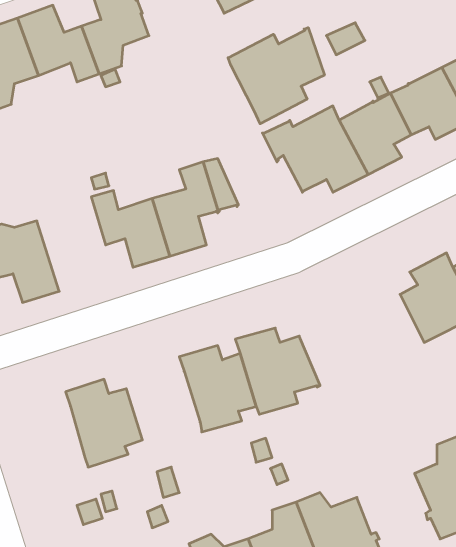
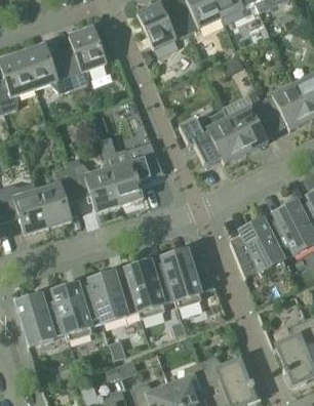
building: [228,28,324,124] -> none
building: none -> [36,166,77,227]
building: none -> [231,219,284,278]
building: none -> [87,273,138,322]
building: none -> [14,294,64,344]

